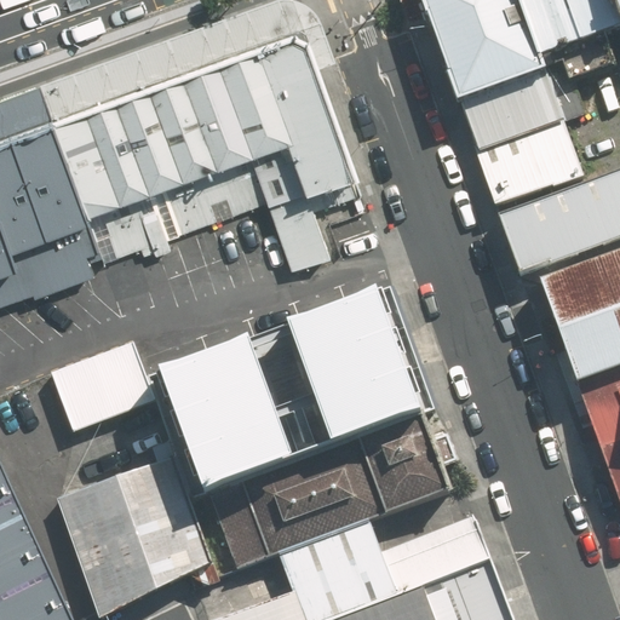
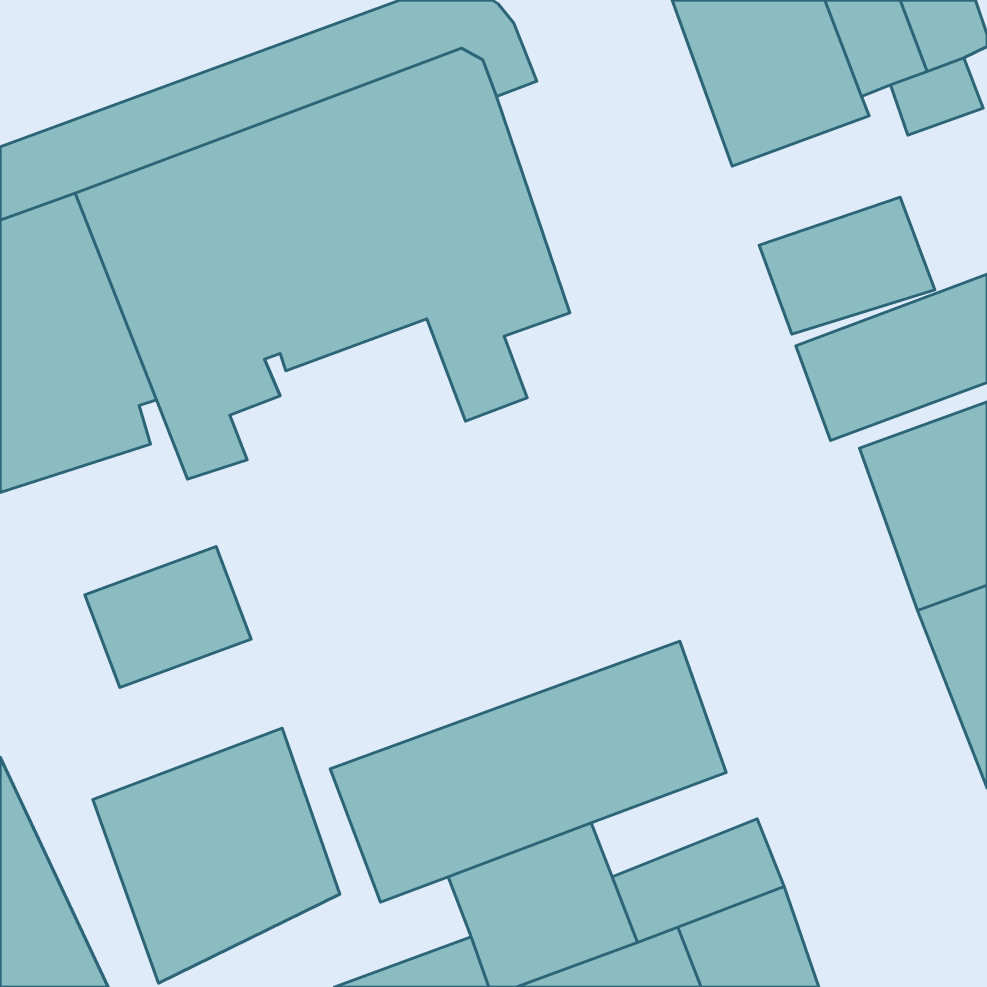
building: [459,73,564,154] -> none
building: [163,285,426,482] -> none

